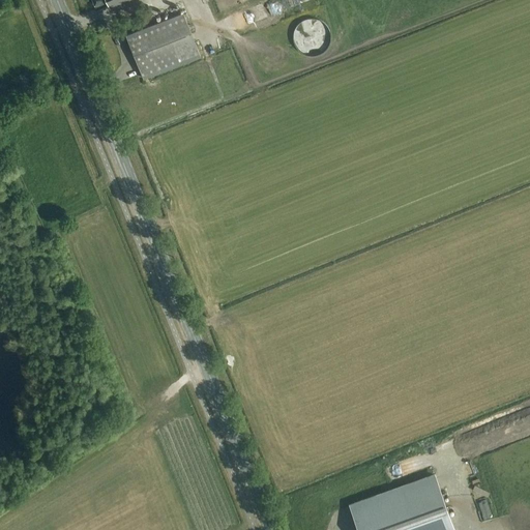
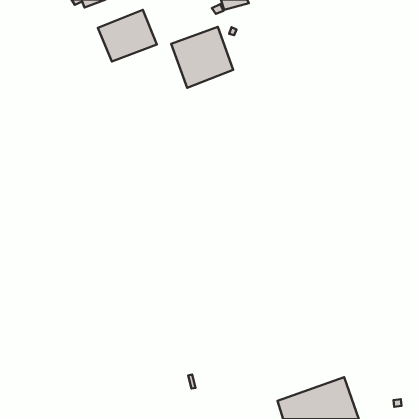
building: [298,25,322,52] -> none
building: none -> [171,27,233,88]

